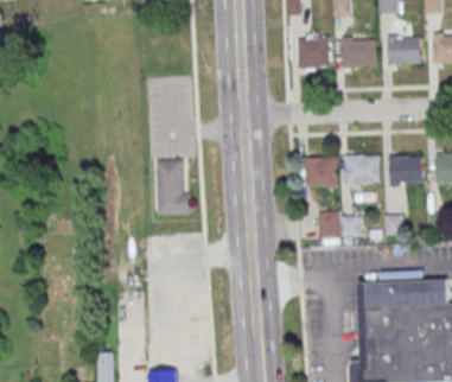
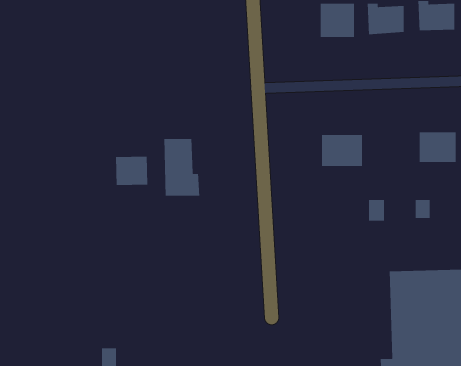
building: [344,154,380,184] -> none
building: none -> [115,156,148,186]
building: [318,211,339,238] -> none

